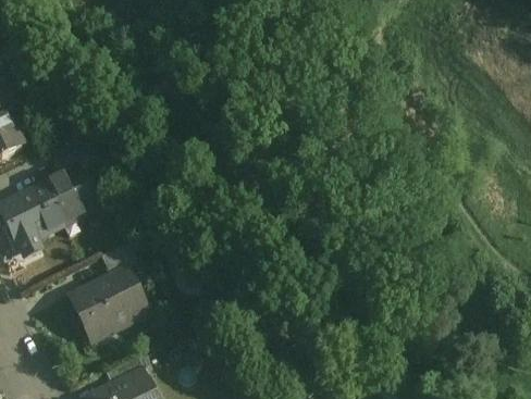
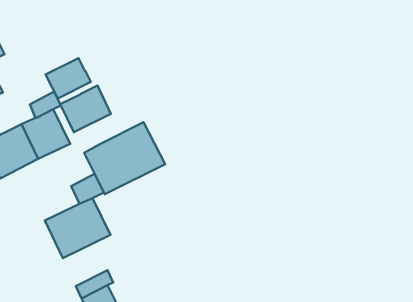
building: none -> [45,58,91,98]
building: none -> [60,86,111,132]
building: none -> [84,122,165,194]

